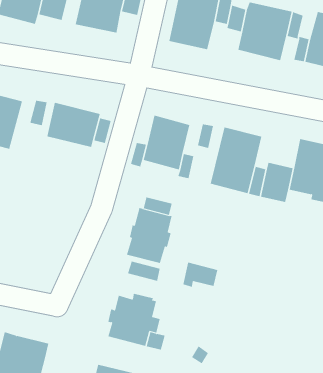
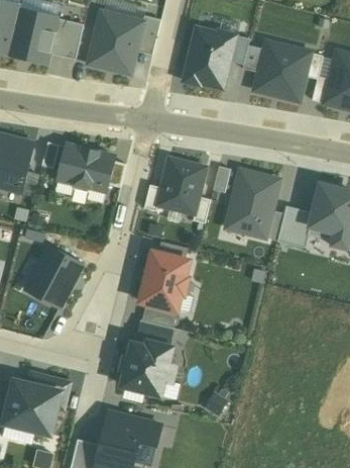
building: none -> [26,245,83,307]
building: [183,262,218,288] -> [136,319,172,346]
building: none -> [28,374,71,409]

